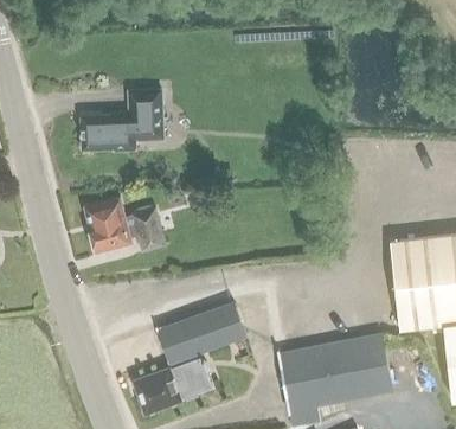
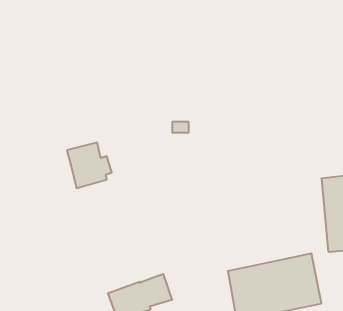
building: [81,89,163,160] -> none
building: [131,206,166,251] -> none
building: [160,301,245,361] -> none

